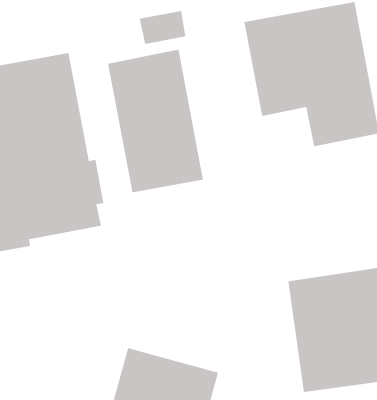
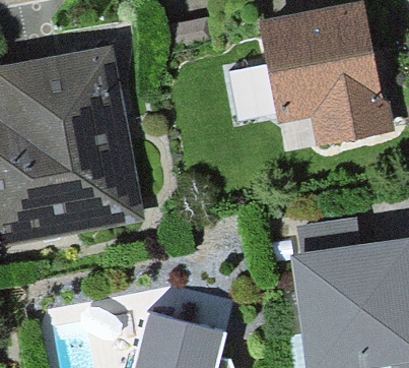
building: [107,49,204,193] -> none

